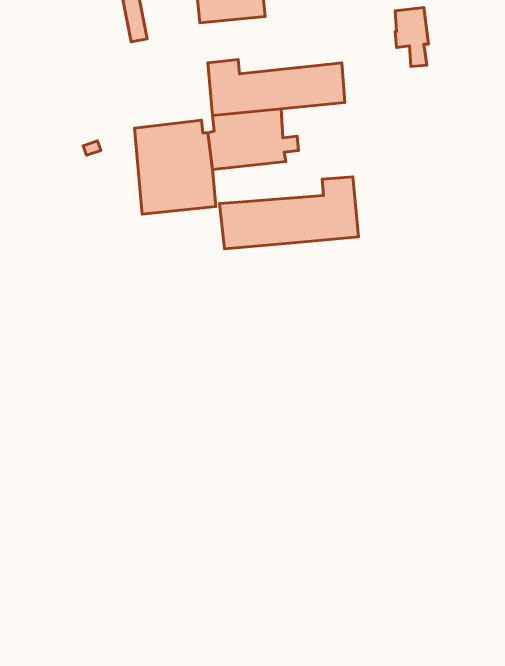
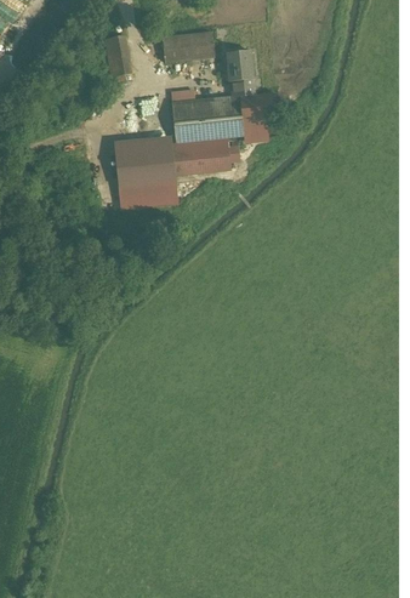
building: [395,8,429,67] -> [228,52,254,97]
building: [220,177,359,249] -> none

